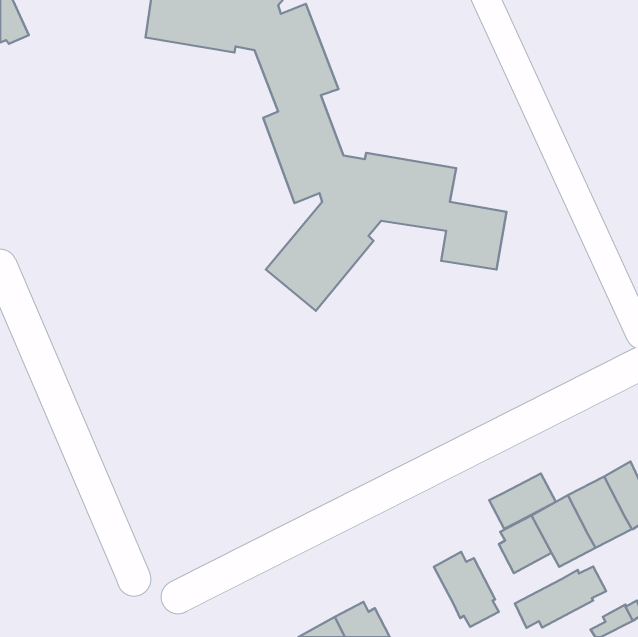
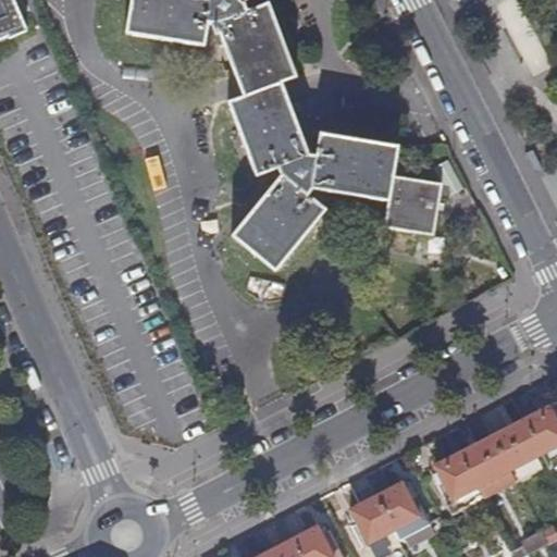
building: [489,473,556,529] -> none
building: [515,566,606,628] -> none
building: none -> [351,492,396,540]

